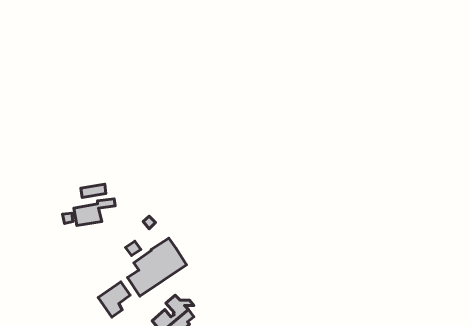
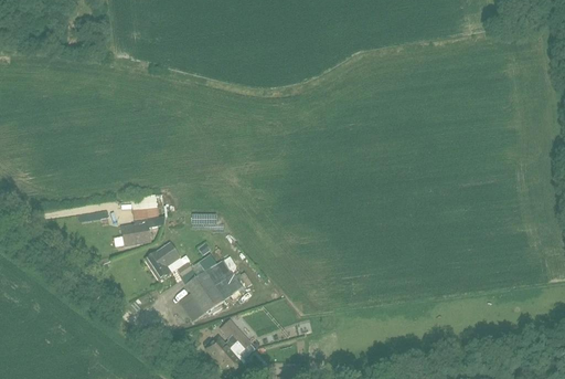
building: [98,282,130,317] -> [146,241,180,278]

